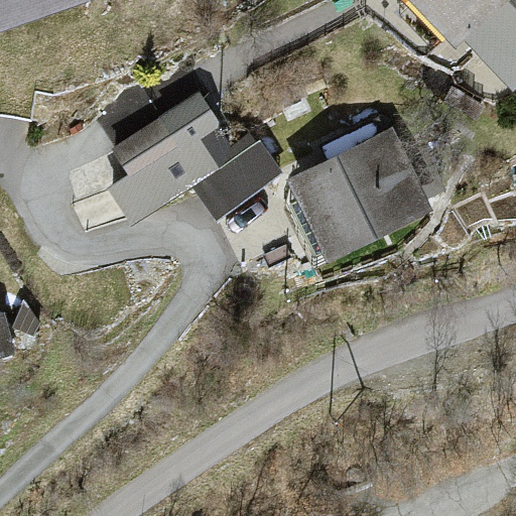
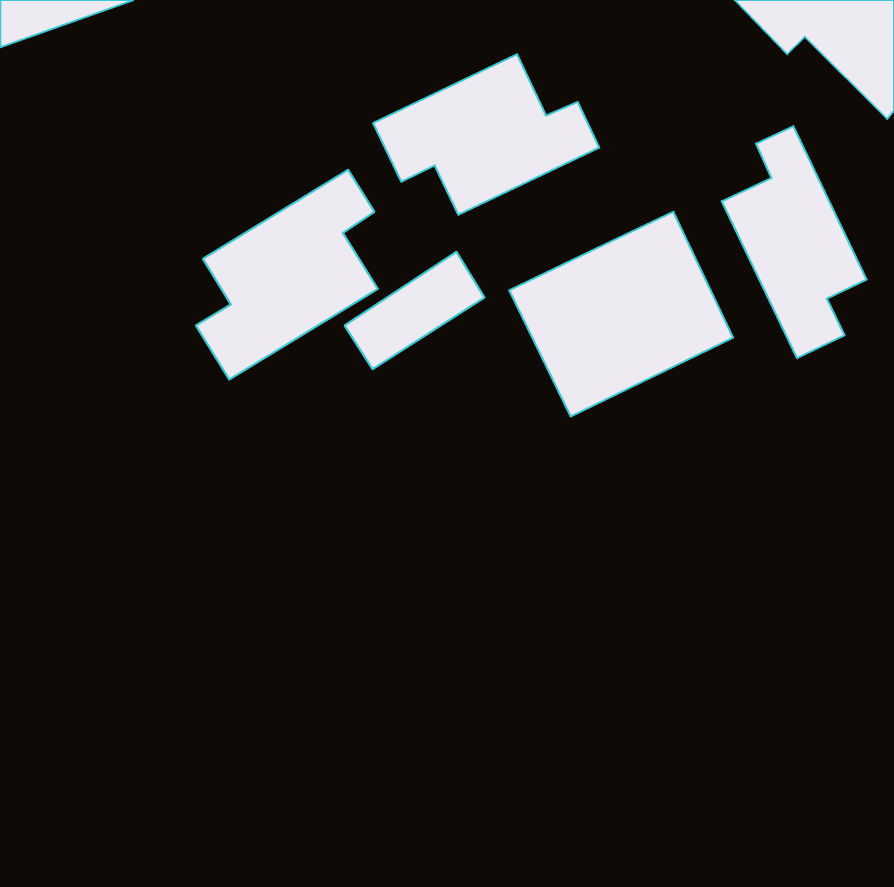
building: none -> [373,54,599,215]
building: none -> [722,126,867,358]

